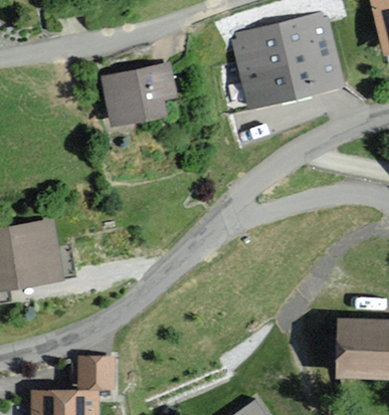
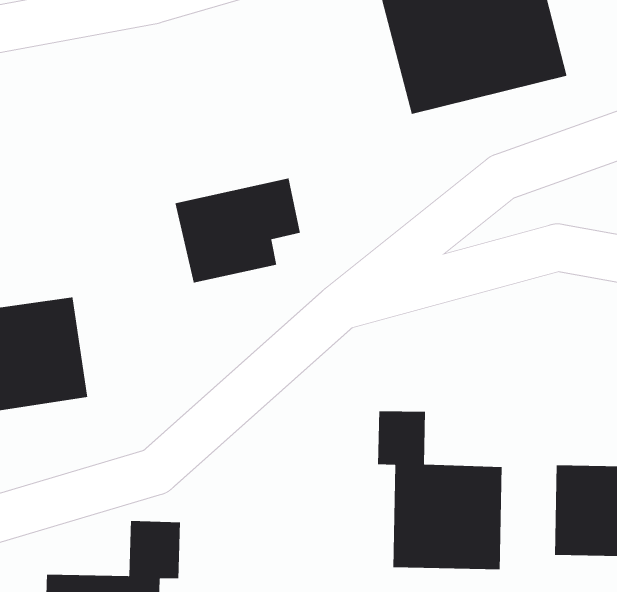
building: [101,64,176,128] -> [175,178,301,284]
building: none -> [377,410,502,570]

